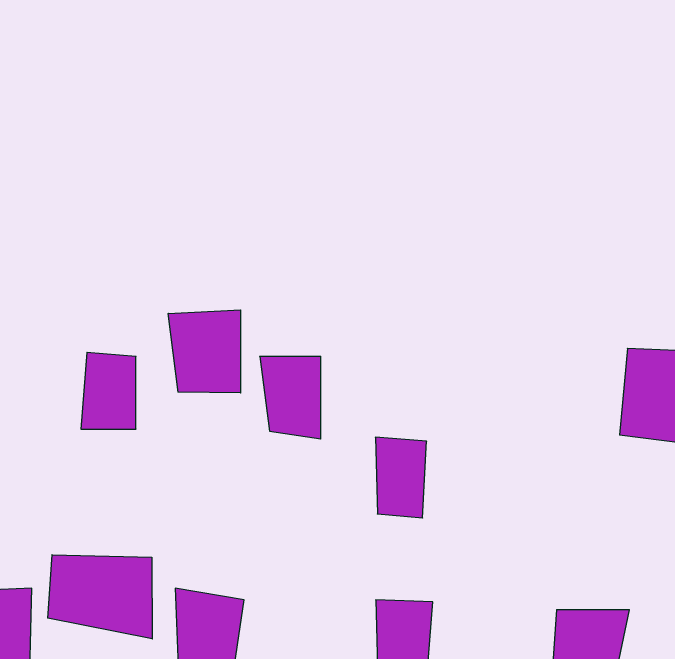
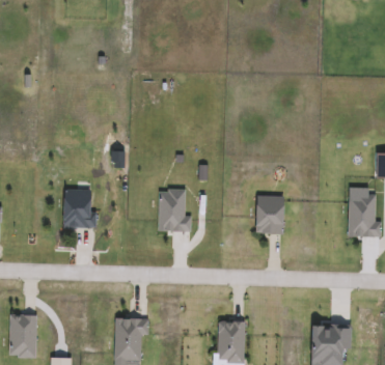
building: [168,310,241,393] -> none
building: [375,437,427,518] -> [255,194,282,236]
building: [48,555,152,639] -> none

